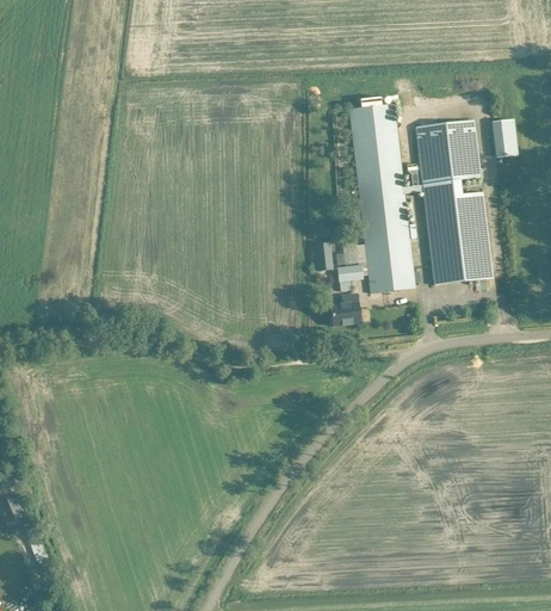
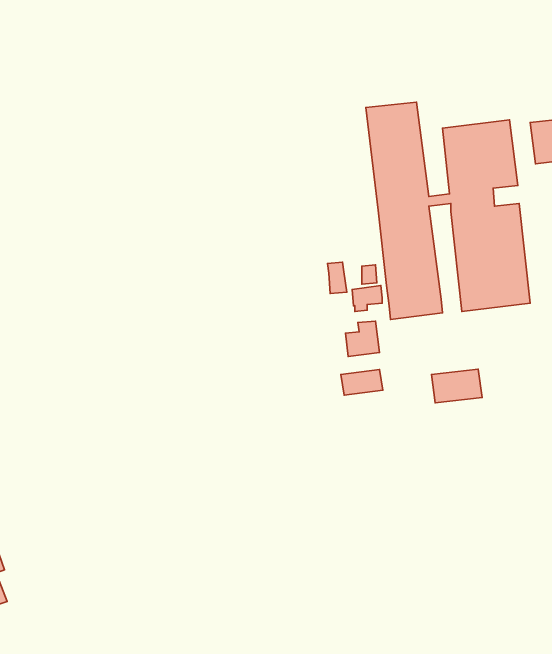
building: none -> [431,369,482,403]
building: none -> [341,369,383,395]

